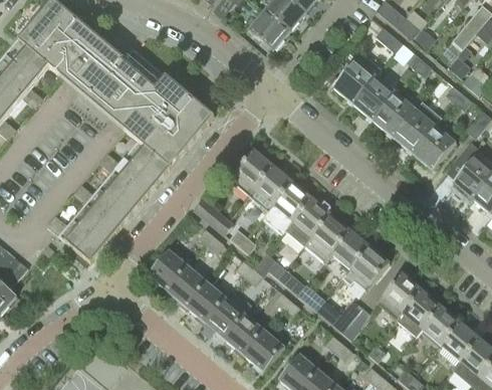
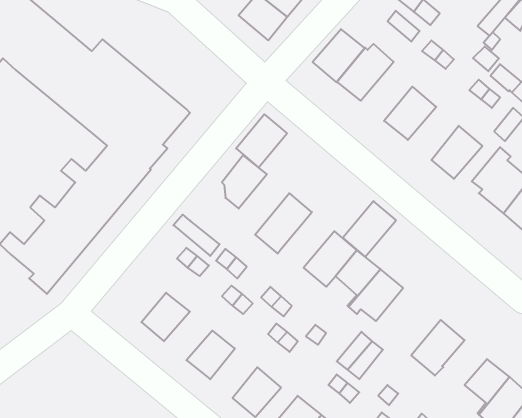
building: [351,74,396,120] -> [313,29,365,82]
building: [392,101,440,153] -> none
building: [248,165,291,210] -> [236,114,287,168]
building: [284,197,329,244] -> [343,201,396,257]
building: [147,248,187,290] -> none
building: [376,272,420,319] -> none
building: [185,281,226,323] -> none
building: [421,306,459,344] -> none
building: [224,313,264,355] -> none

